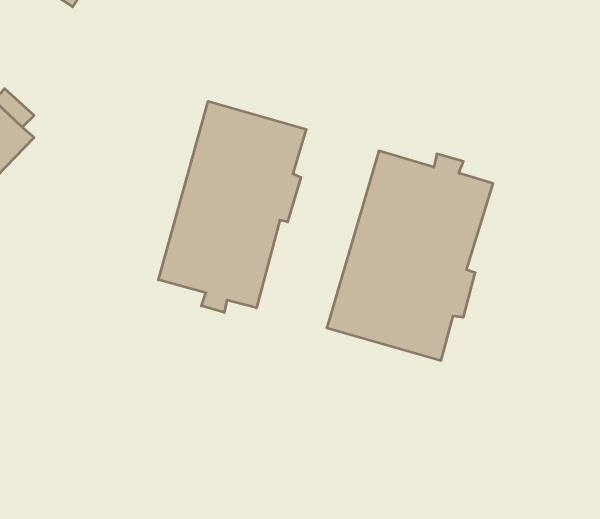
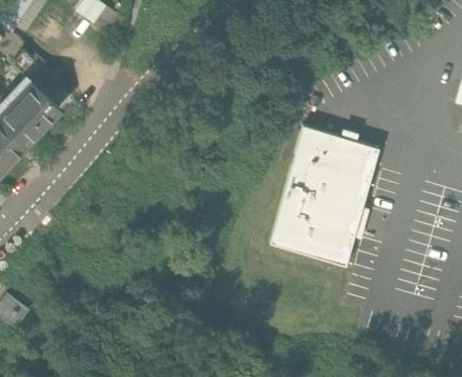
building: [158,101,306,313] -> none

